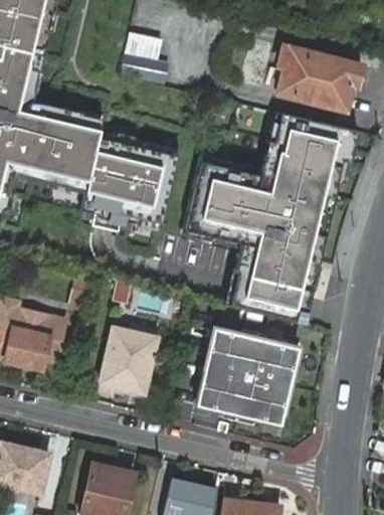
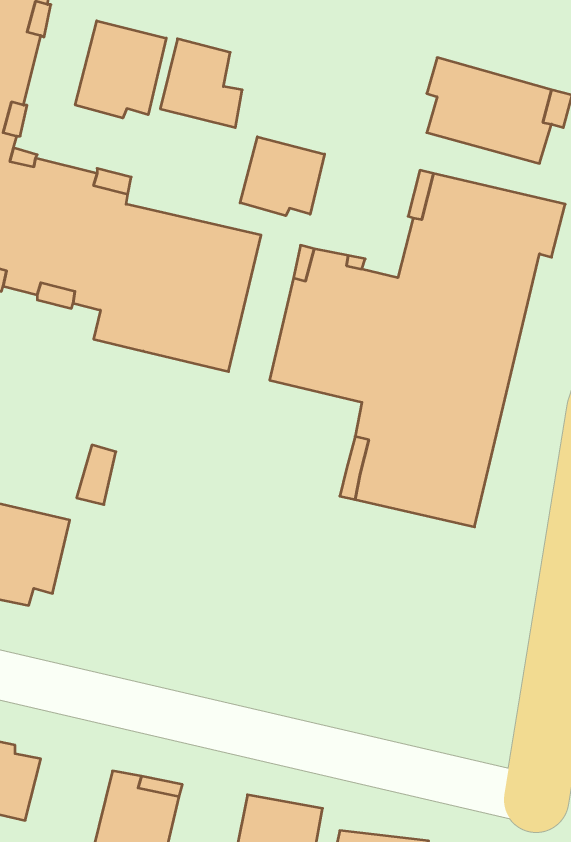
building: none -> [75,21,166,118]
building: none -> [240,137,325,216]
building: [100,328,154,389] -> none
building: [190,333,297,433] -> none

